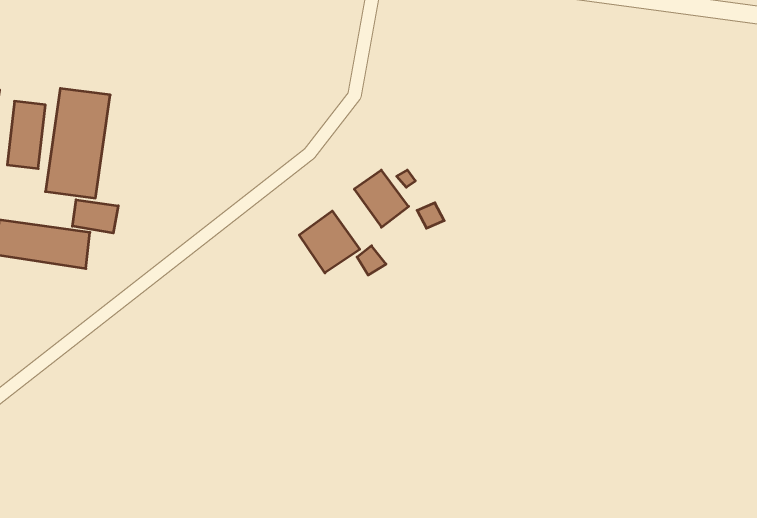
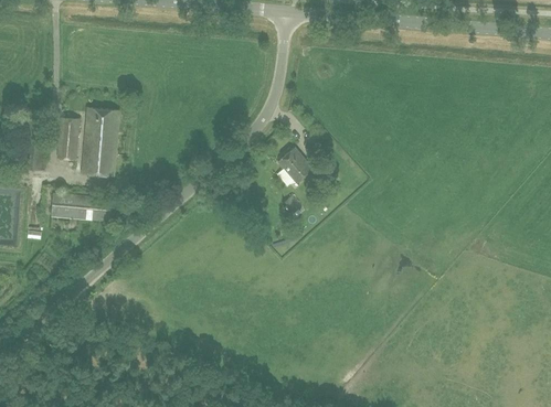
building: [72,200,118,233] -> none
building: [299,211,360,273] -> none

